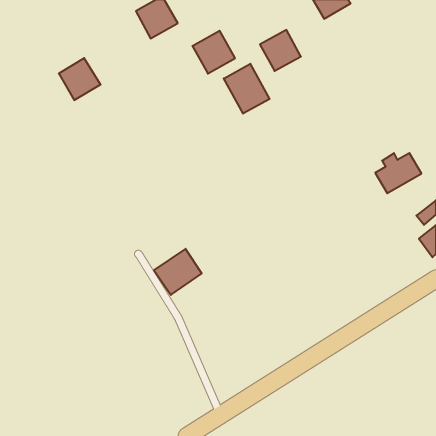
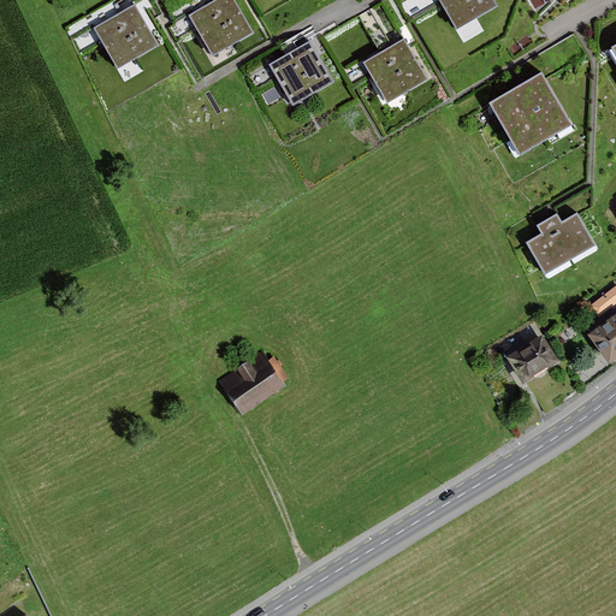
building: none -> [491,76,569,153]
building: [59,58,101,100] -> [96,7,155,66]
building: [224,64,270,114] -> none
building: none -> [502,331,556,381]

